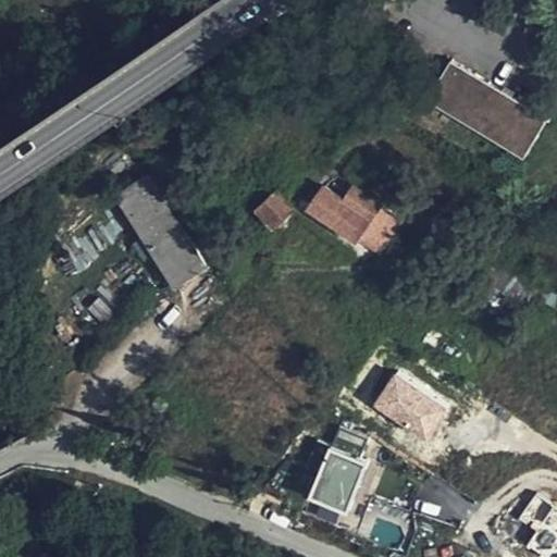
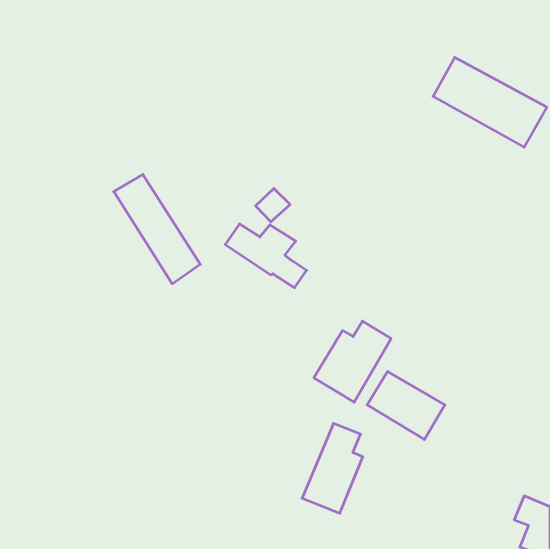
building: [308,190,389,255] -> [225,224,307,288]
building: none -> [314,321,391,402]

